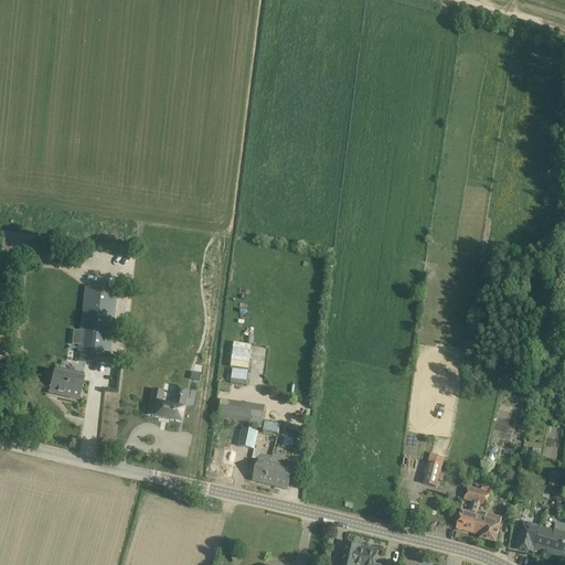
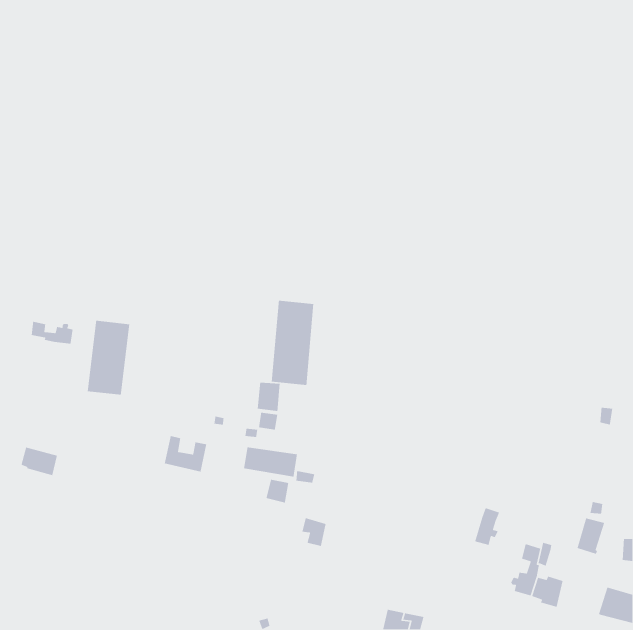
building: none -> [271,300,314,386]
building: none -> [31,321,73,345]
building: [49,370,82,396] -> [20,446,58,476]
building: [252,451,275,483] -> none
building: [514,518,540,551] -> [577,518,605,555]

